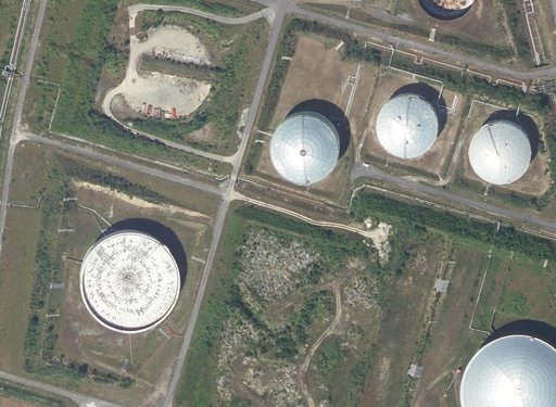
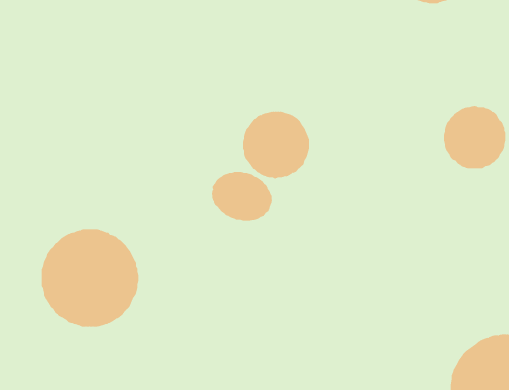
building: [382,94,443,156] -> none
building: none -> [211,171,272,222]

